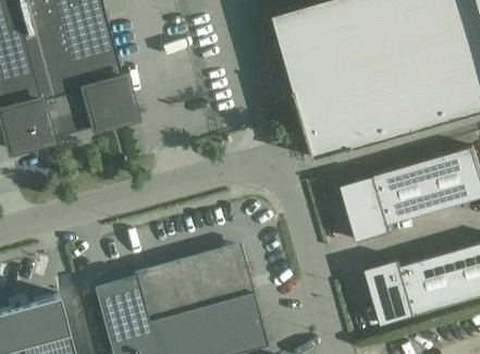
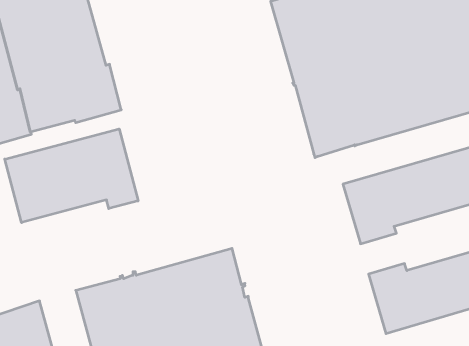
building: none -> [5,129,138,223]

